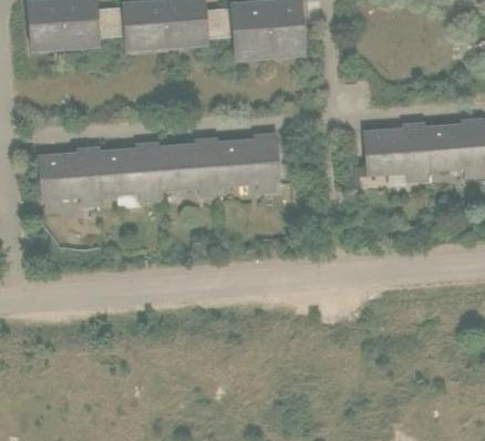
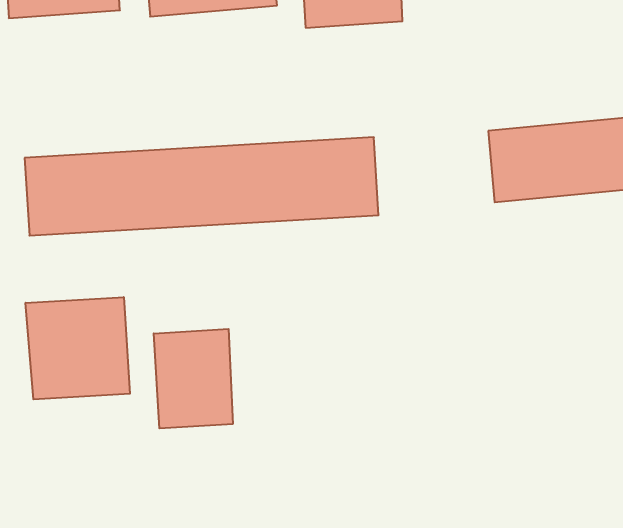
building: none -> [26,297,130,399]
building: none -> [154,329,233,428]

